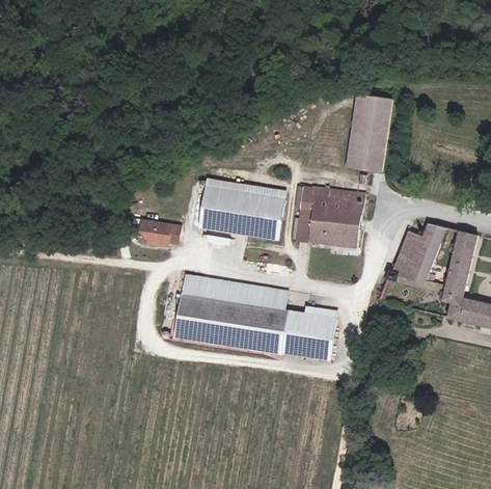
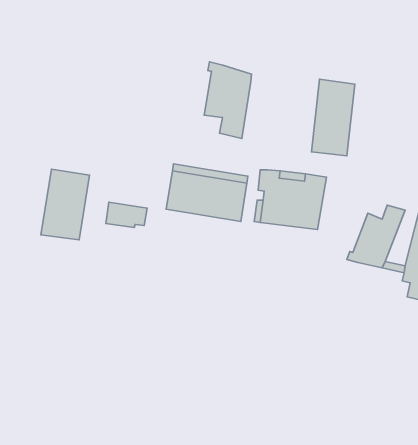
building: none -> [204,62,251,139]
building: none -> [41,169,90,240]
building: [174,274,335,359] -> none

